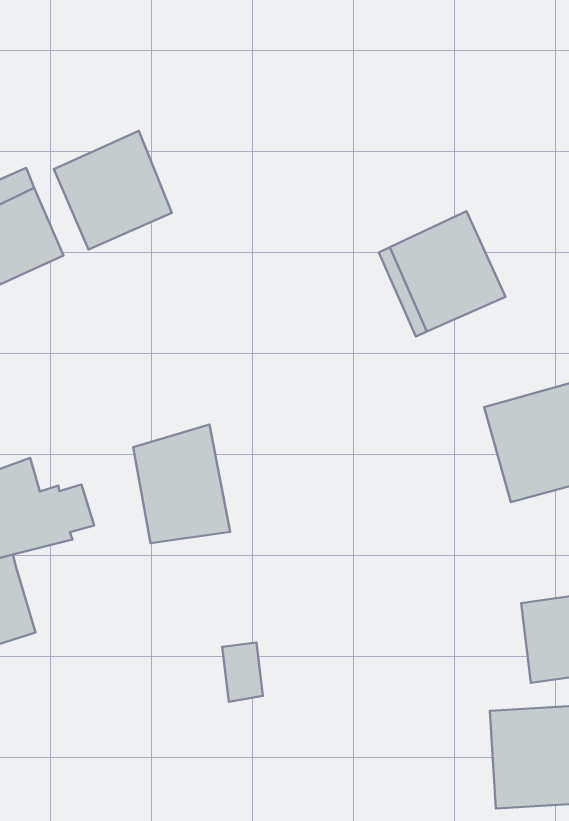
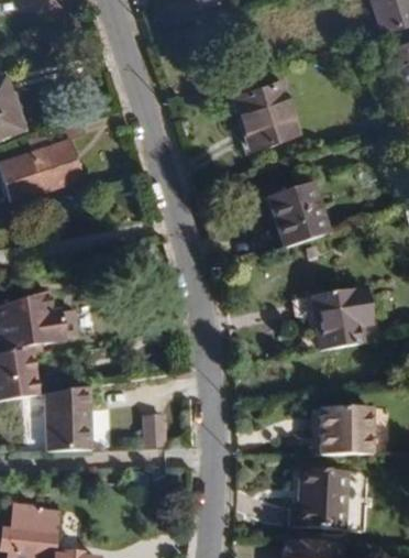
building: none -> [234,81,299,147]
building: [54,131,172,250] -> none
building: [133,424,230,543] -> [46,386,96,450]

